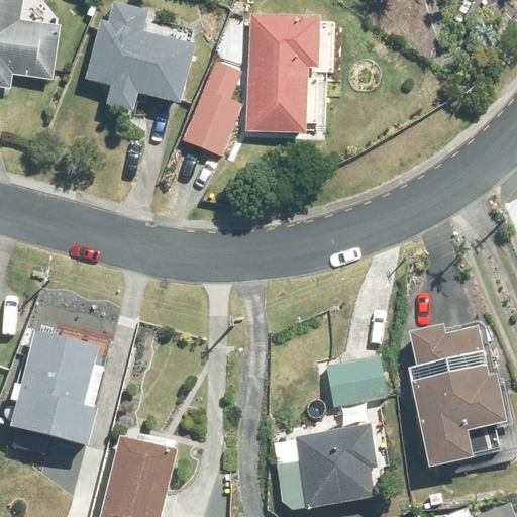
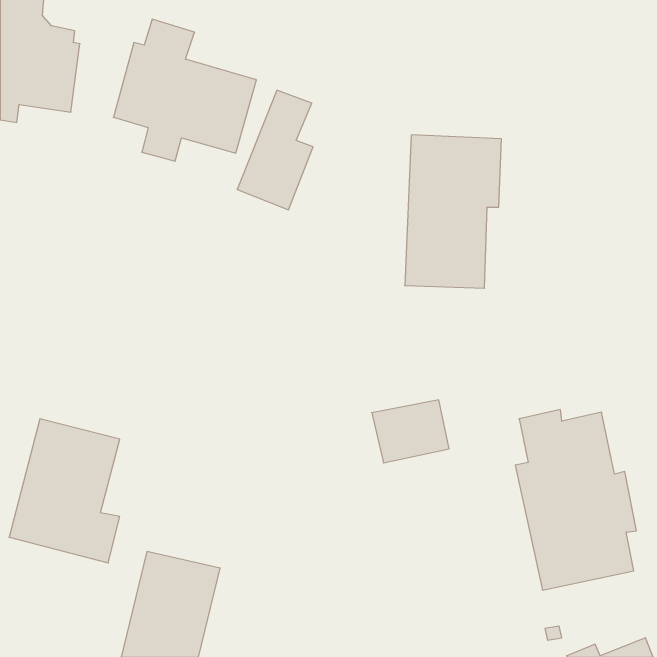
building: [249,26,325,146] -> [405,135,501,288]
building: [326,354,387,404] -> [372,400,449,463]
building: [275,422,377,509] -> none

